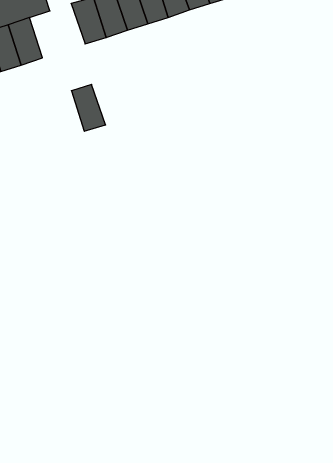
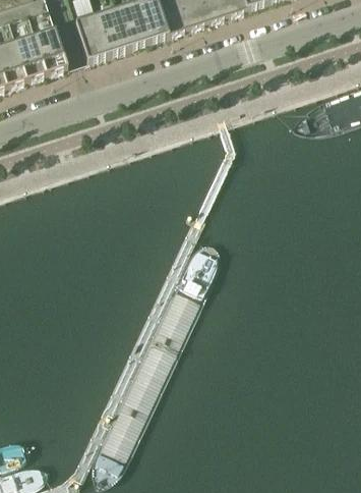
building: [71,84,106,131] -> [34,25,66,70]

